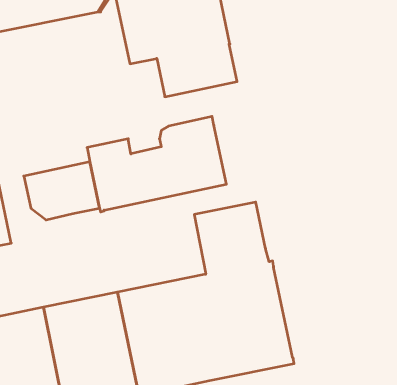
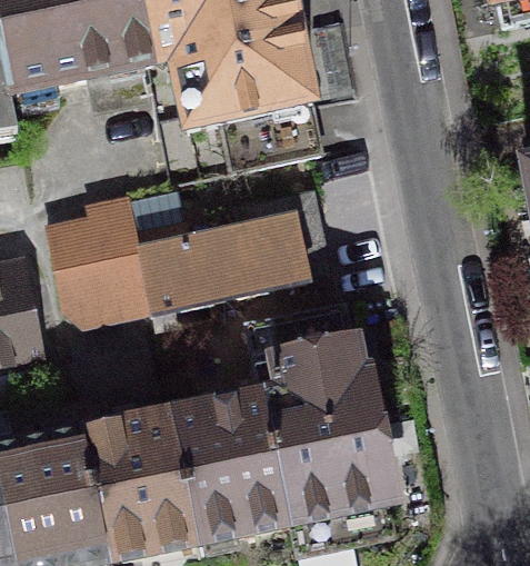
building: none -> [47,198,138,271]

